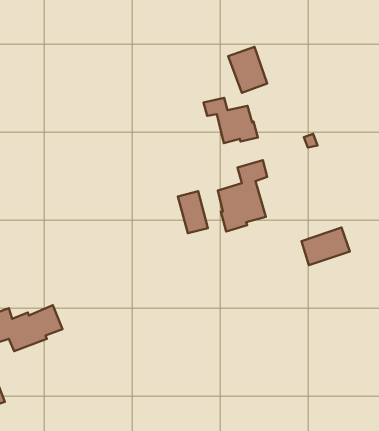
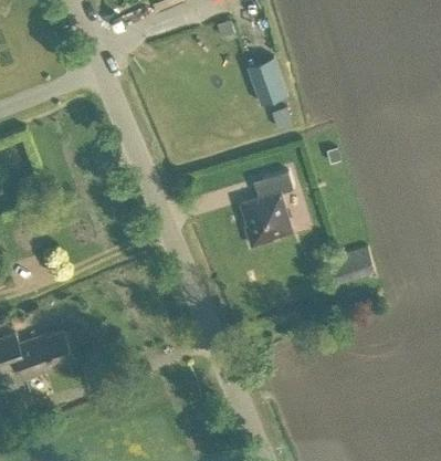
building: [203,98,258,143] -> none
building: [178,191,208,233] -> none

